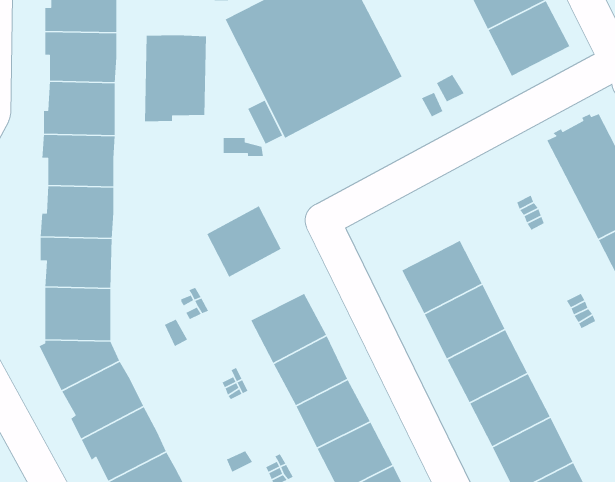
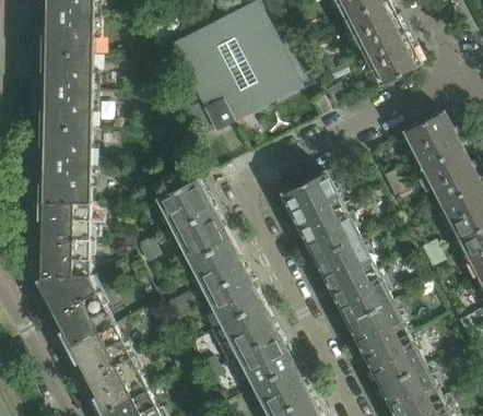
building: [144,35,207,122] -> none
building: none -> [282,171,341,225]
building: none -> [174,210,228,261]

